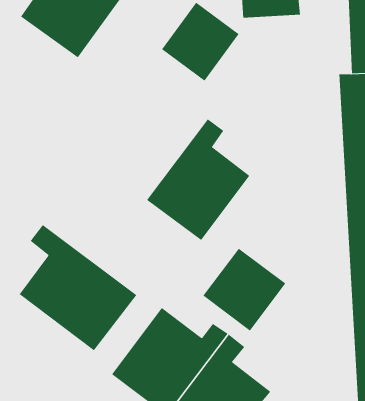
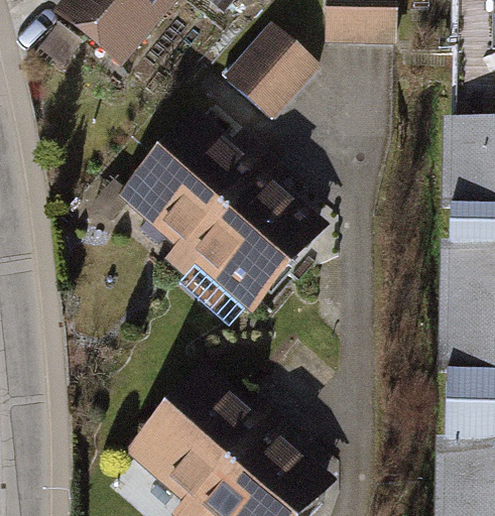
building: none -> [135,125,276,253]
building: [19,224,137,351] -> none
building: [203,248,286,331] -> none

